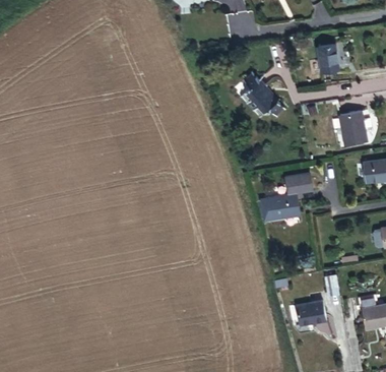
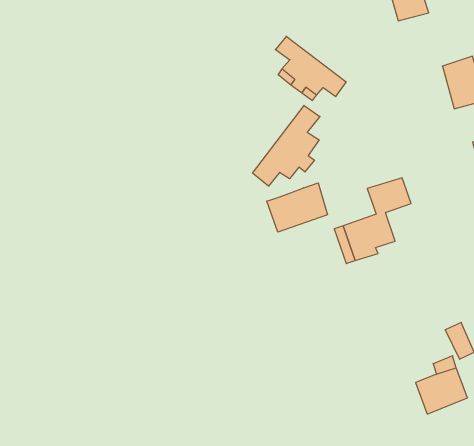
building: none -> [253,105,320,186]
building: none -> [267,183,328,232]

